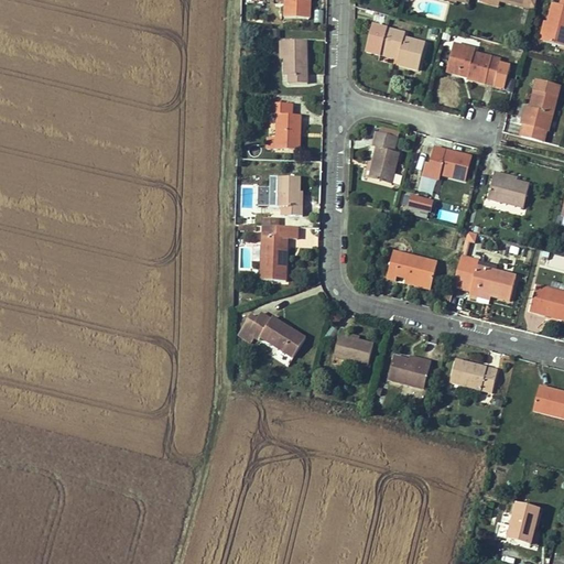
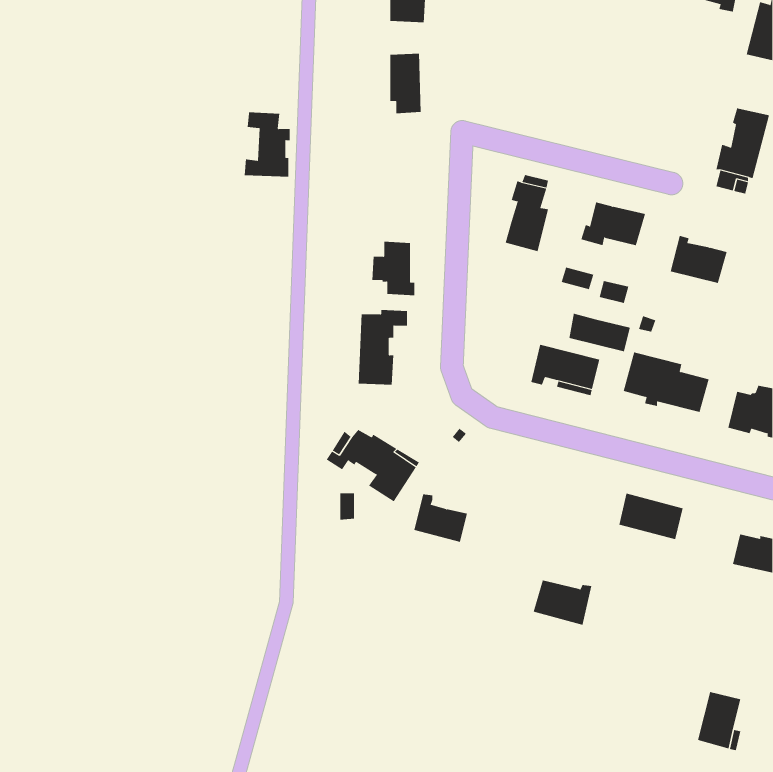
building: [366,23,424,69] -> none
building: [447,45,507,85] -> none
building: [265,101,300,149] -> [244,112,291,177]
building: none -> [569,313,630,352]
building: [333,328,372,364] -> [413,494,468,542]
building: [387,355,430,388] -> [533,580,592,625]

